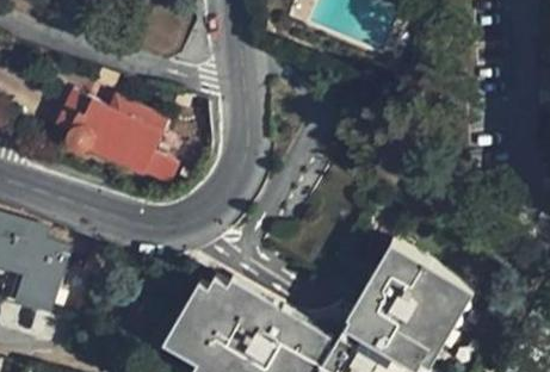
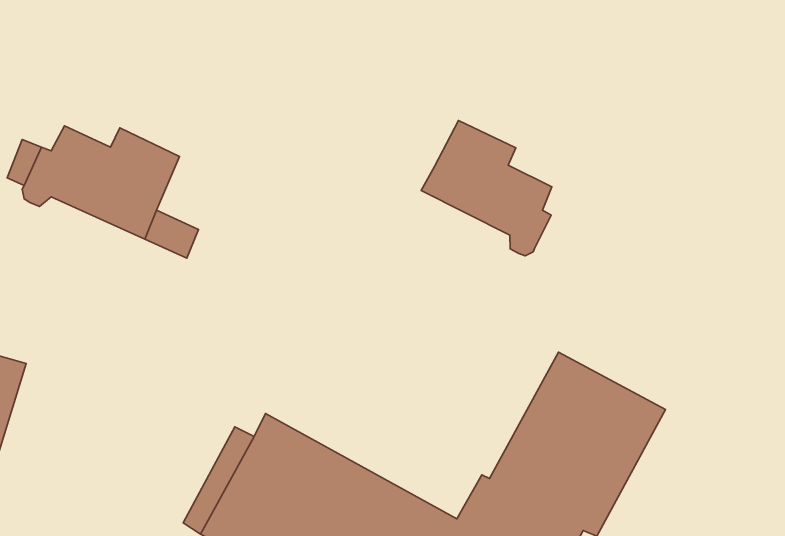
building: none -> [421,121,552,256]

